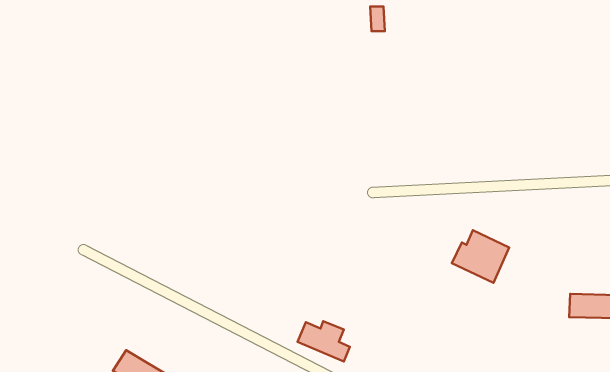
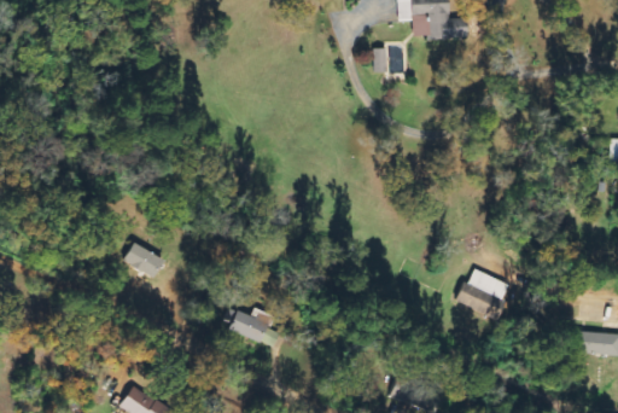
building: none -> [124,244,163,277]
building: [297,321,350,361] -> [229,309,281,349]

